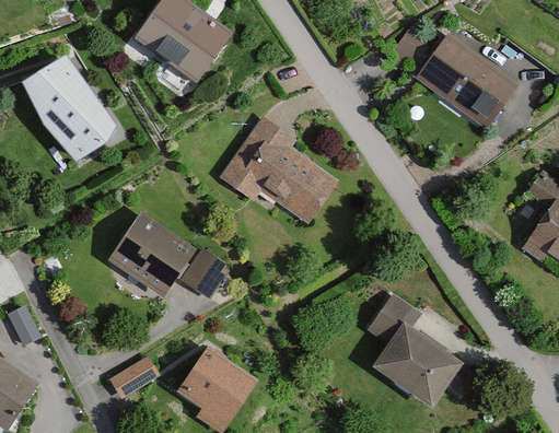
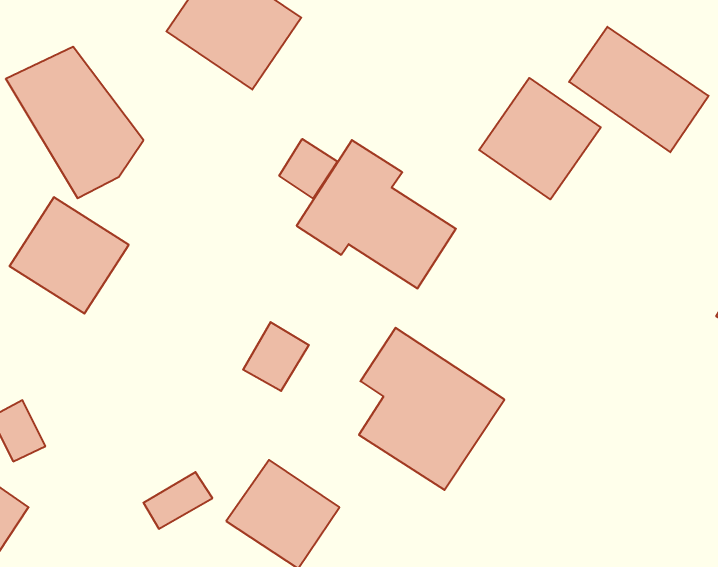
building: none -> [479,78,601,199]
building: none -> [279,139,338,199]
building: [109,212,195,295] -> [9,197,129,314]
building: [369,292,473,408] -> [359,328,504,490]

